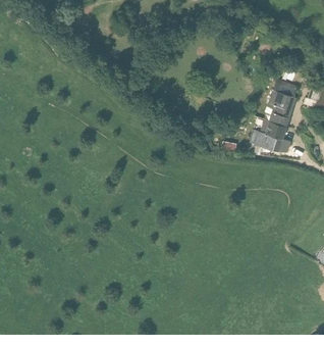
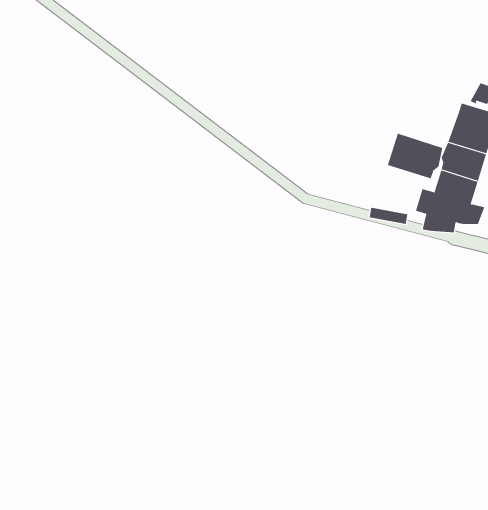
building: none -> [387,133,443,179]

